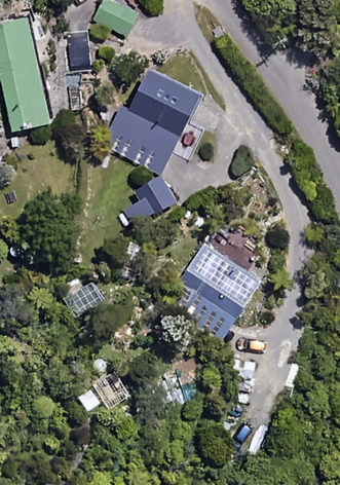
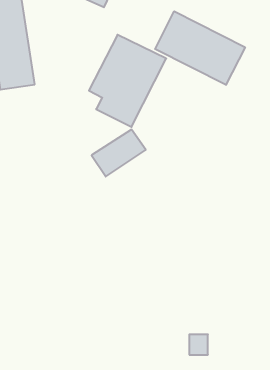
building: none -> [155,11,245,85]
building: [177,242,261,334] -> none

